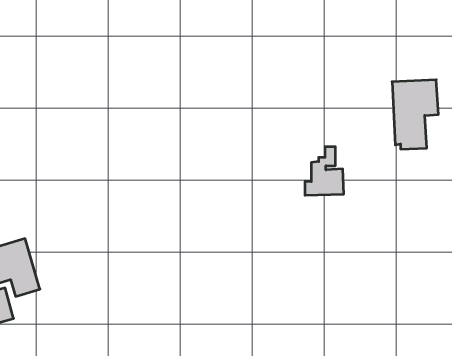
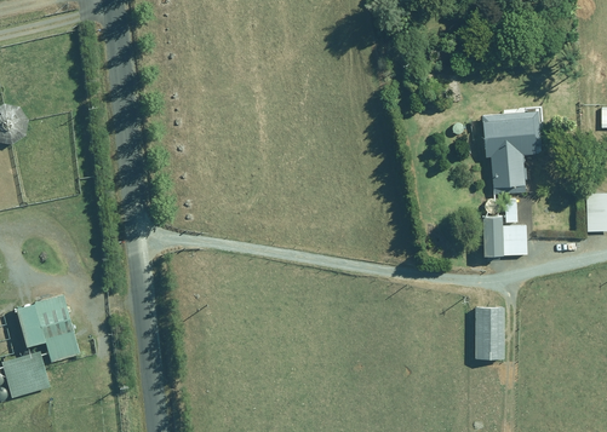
building: [305,147,344,195] -> [481,200,526,255]
building: none -> [475,307,504,358]

